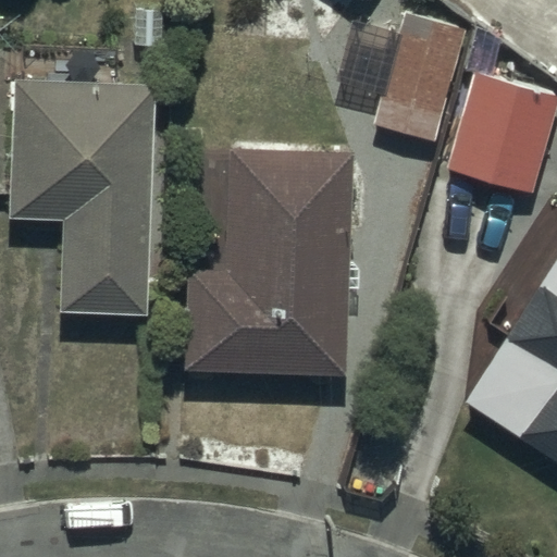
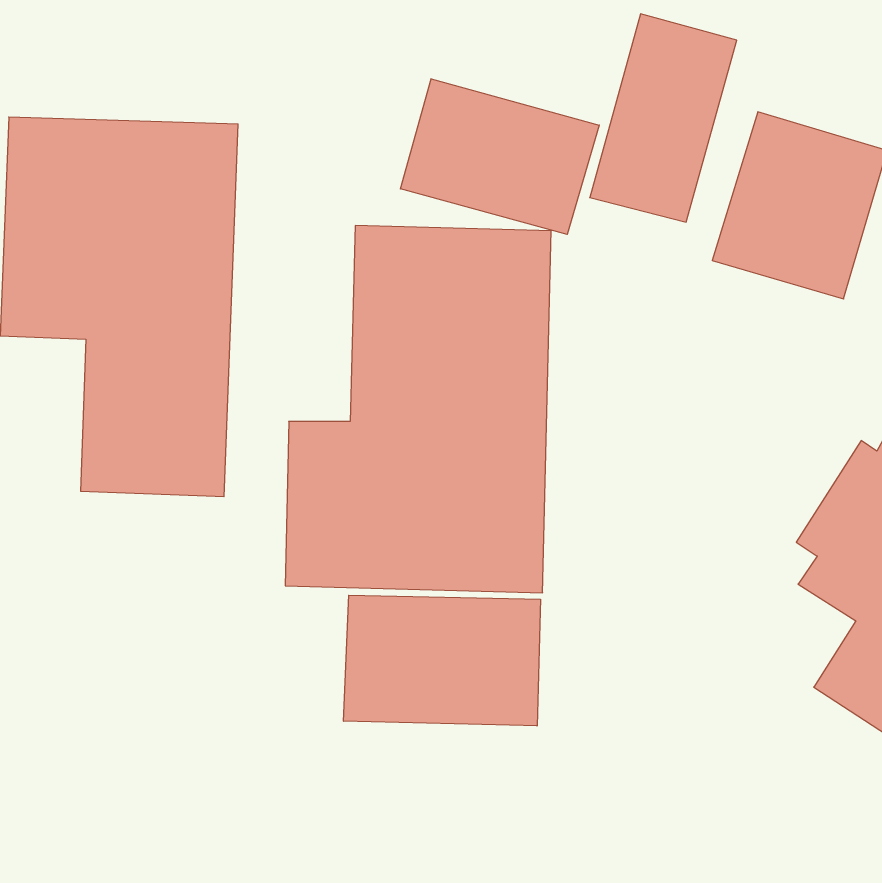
building: none -> [400,79,599,234]
building: none -> [344,595,540,726]

